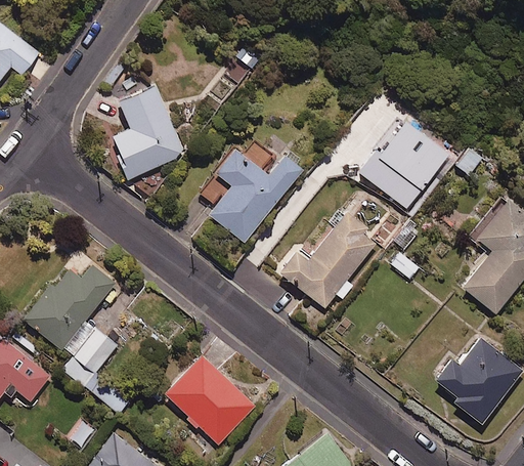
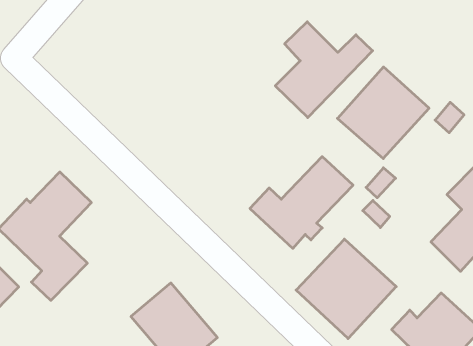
building: [107,86,184,180] -> none
building: [207,149,301,245] -> [275,22,373,118]
building: none -> [296,239,396,339]

